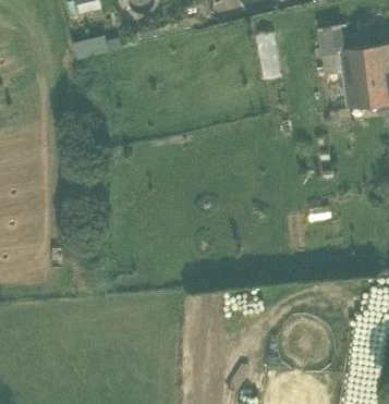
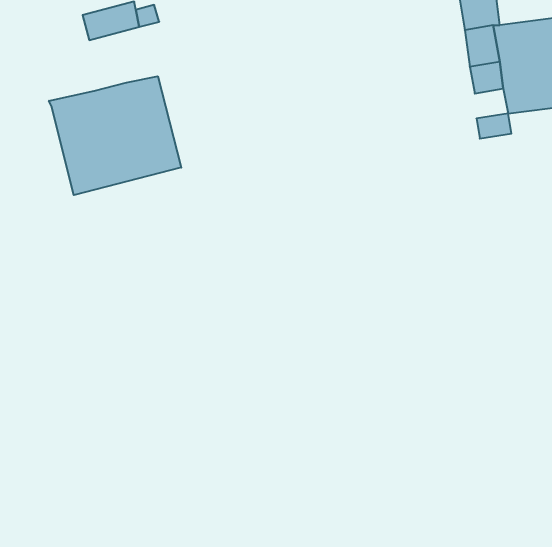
building: none -> [49,76,181,195]

